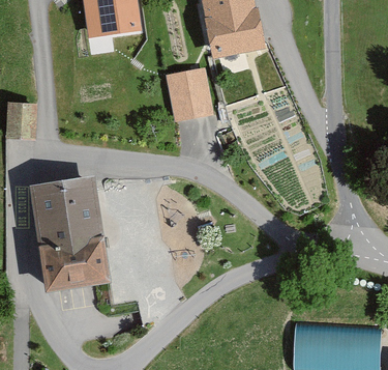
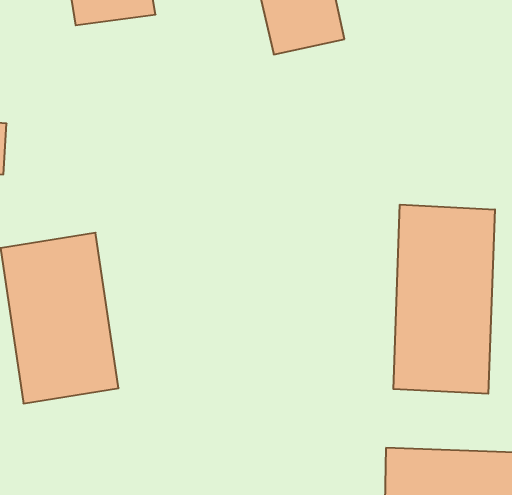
building: [165,68,209,119] -> none
building: none -> [393,205,495,394]

